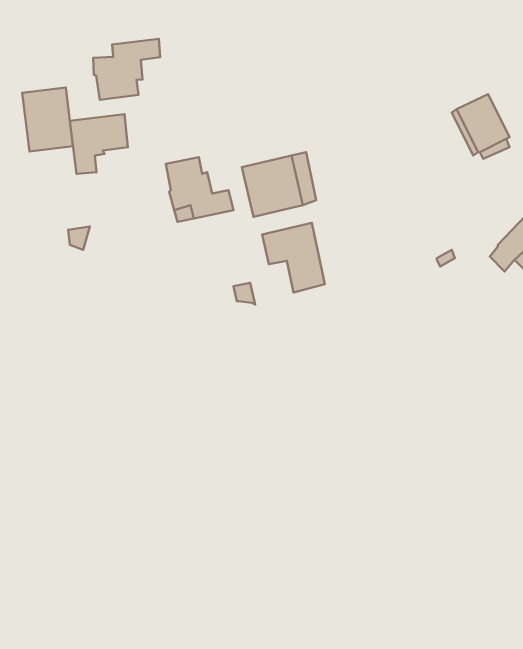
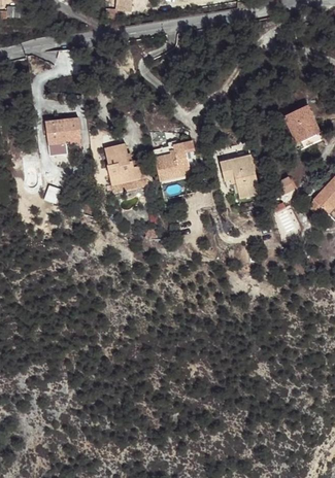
building: [93,39,160,100] -> none
building: [22,87,73,151] -> none
building: [262,223,325,292] -> [220,155,259,198]

